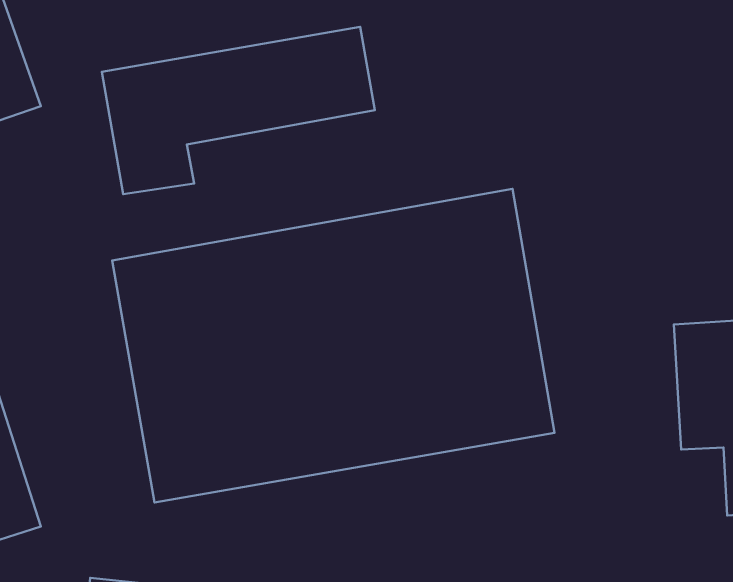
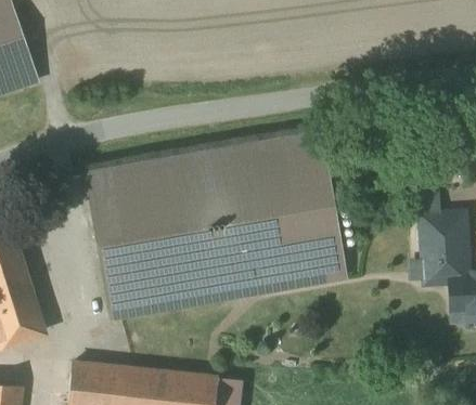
building: [102,27,375,194] -> none

